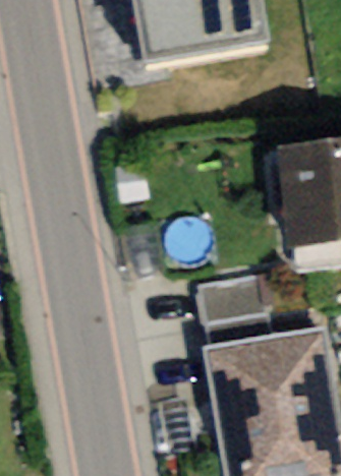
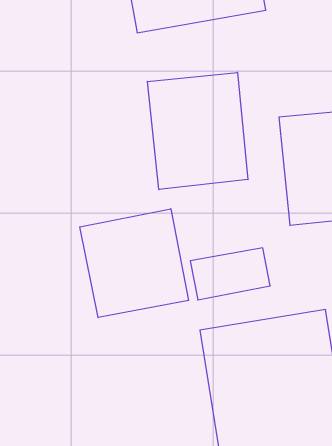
building: none -> [147,72,248,190]
building: none -> [80,209,189,318]

